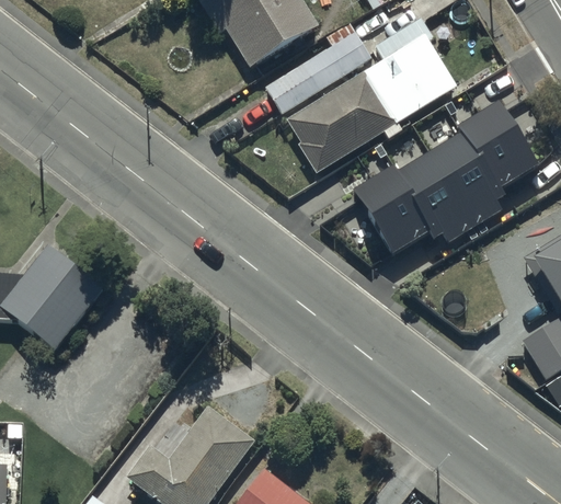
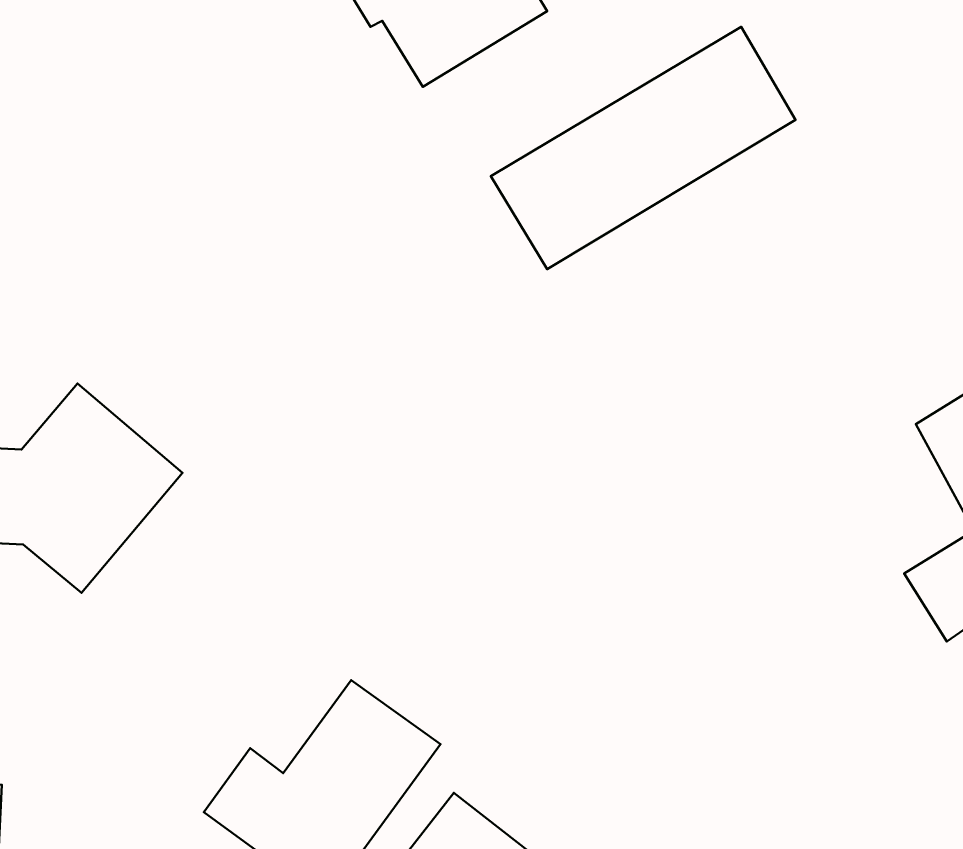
building: [267,32,375,112] -> none
building: [351,99,537,254] -> none

